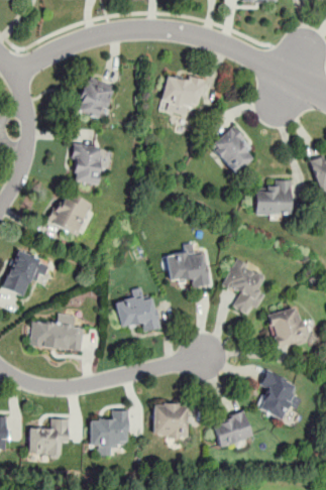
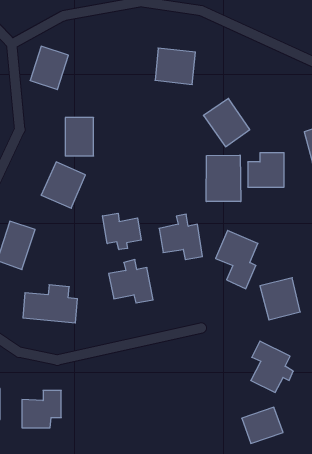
building: [77,76,115,119] -> [30,46,68,90]
building: none -> [206,155,241,202]
building: none -> [103,213,141,250]
building: [153,404,188,439] -> none
building: [90,409,129,457] -> none
building: [212,411,253,448] -> [242,407,283,443]

